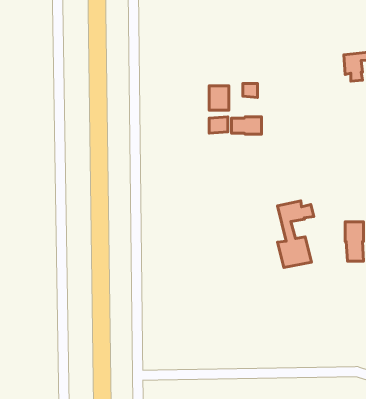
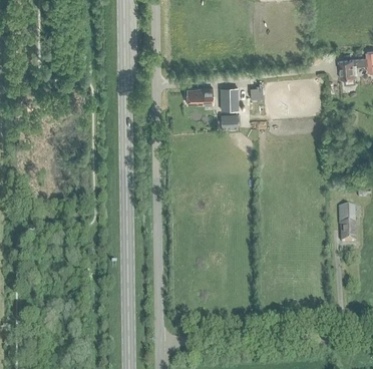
building: [231,117,261,134] -> [186,89,213,104]
building: [278,201,314,267] -> none

